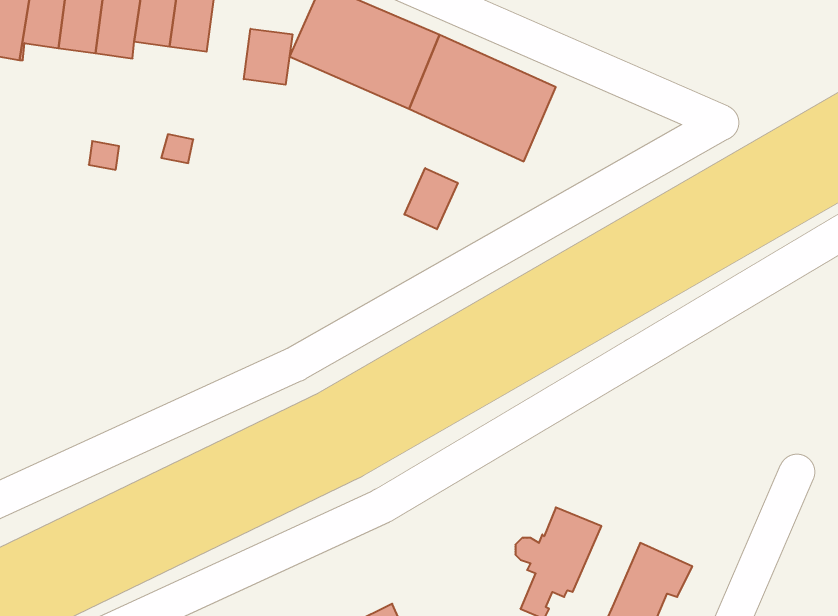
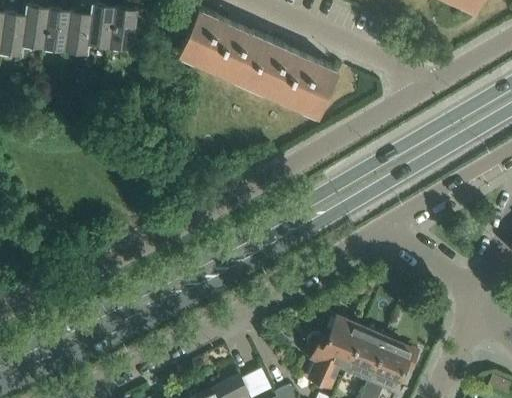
building: [244,29,292,85] -> none
building: [404,168,458,229] -> none
building: none -> [346,331,386,380]

